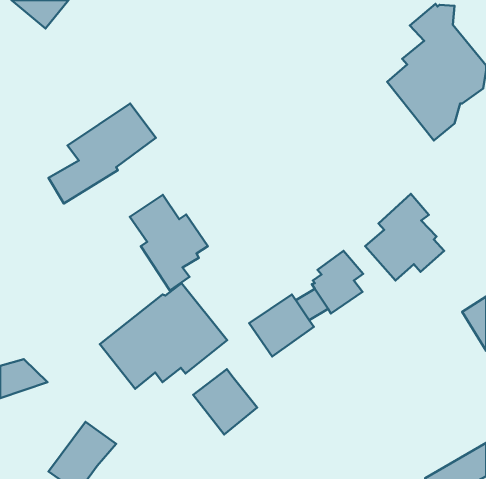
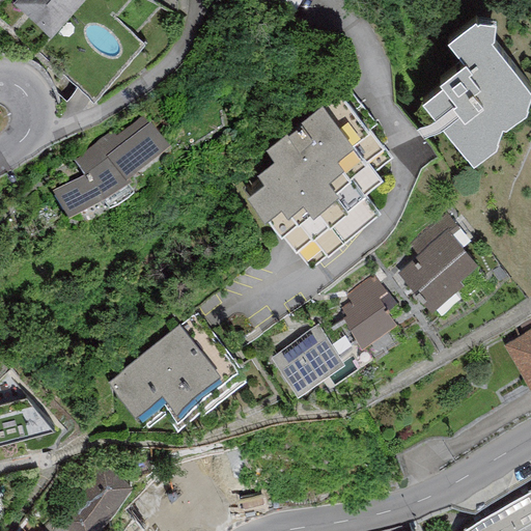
building: none -> [243,94,394,269]
building: [130,195,208,290] -> none
building: [193,369,257,434] -> none

